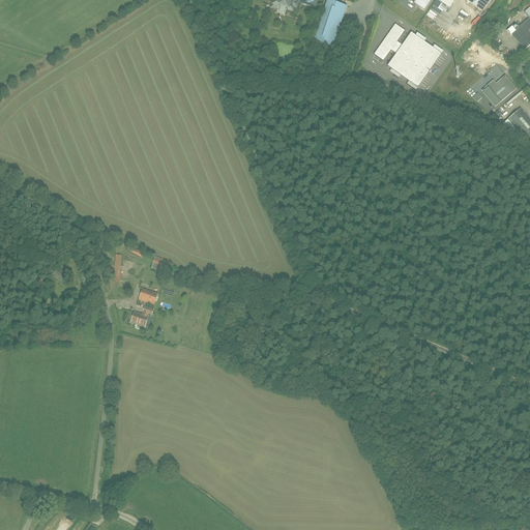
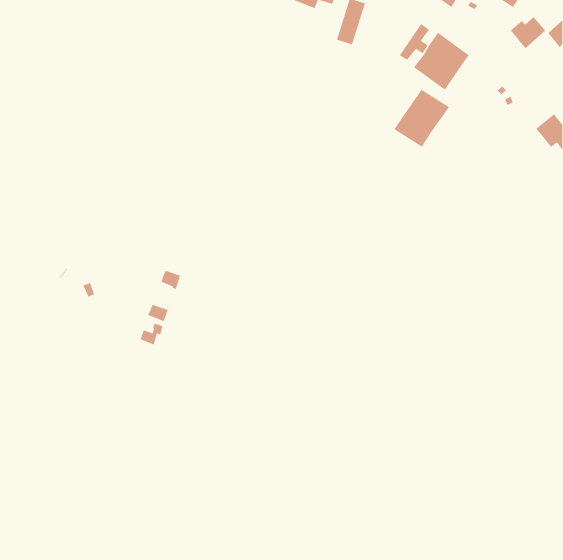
building: [482,73,517,105] -> [510,16,546,49]
building: none -> [394,89,450,147]

